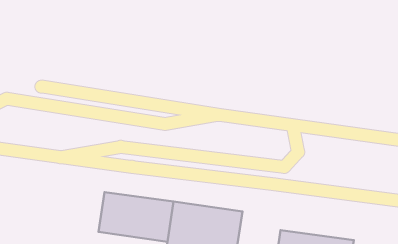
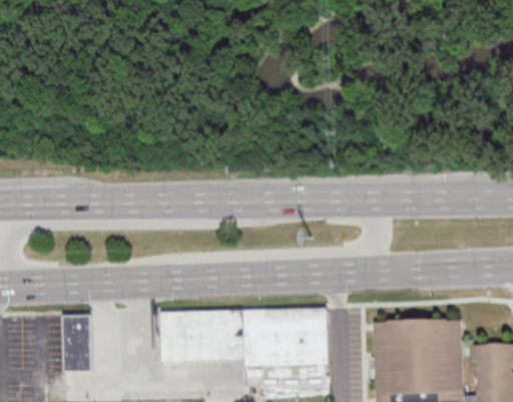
building: none -> [62,314,91,370]

